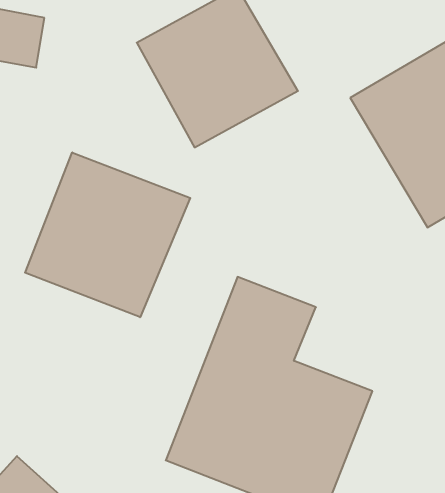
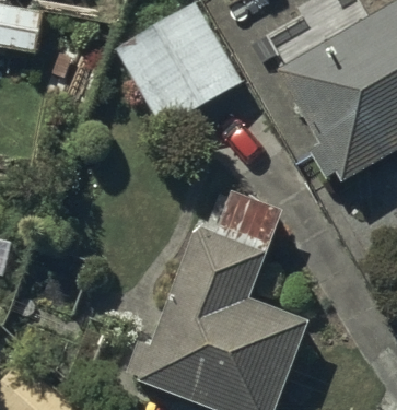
building: [25,152,190,317] -> none

